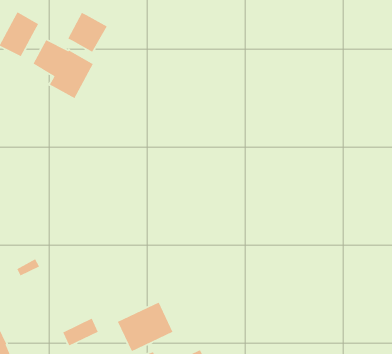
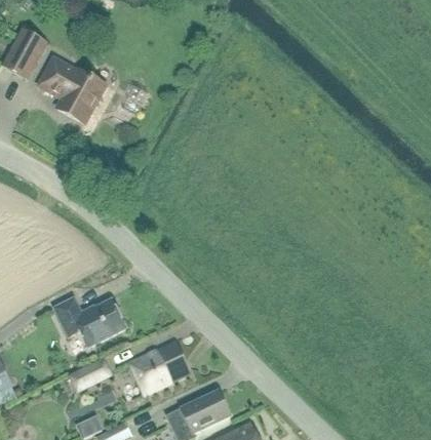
building: [67,12,108,53] -> none
building: none -> [54,296,126,346]

